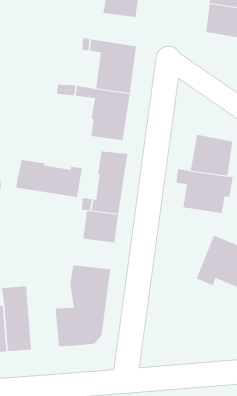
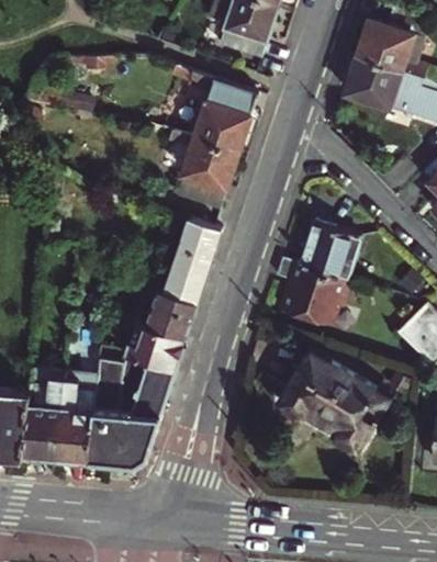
building: [15,159,83,198] -> none
building: none -> [125,327,184,372]
building: none -> [55,363,96,459]

